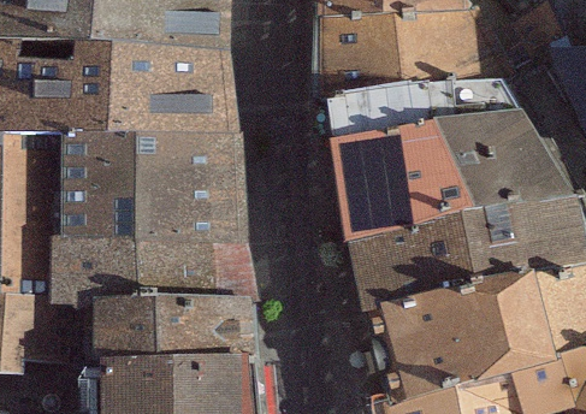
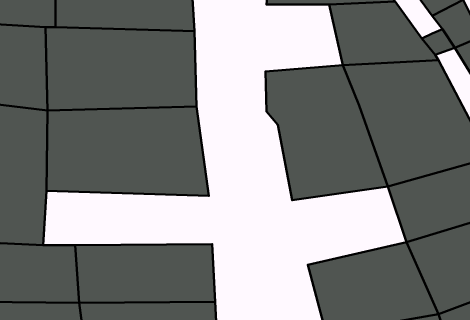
building: [318,17,408,95] -> none
building: [349,230,483,321] -> none
building: [58,235,255,298] -> none

